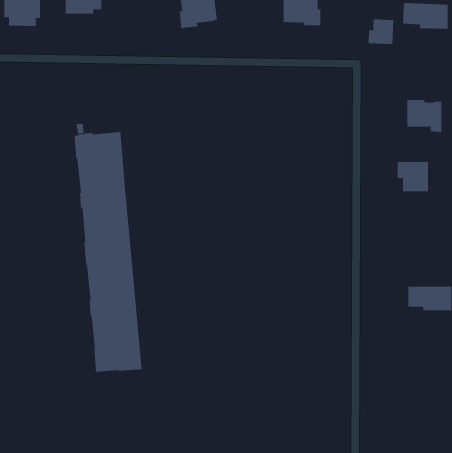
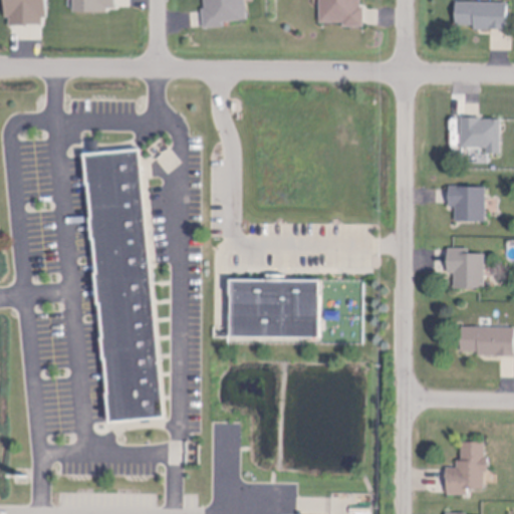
building: [368,19,394,45] -> none
building: none -> [447,244,483,284]
building: none -> [229,278,318,337]
building: none -> [445,438,489,490]

